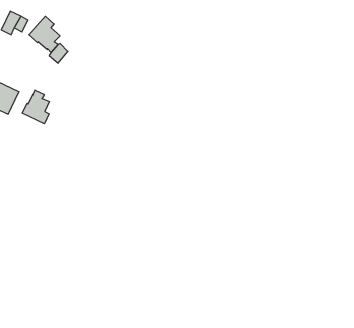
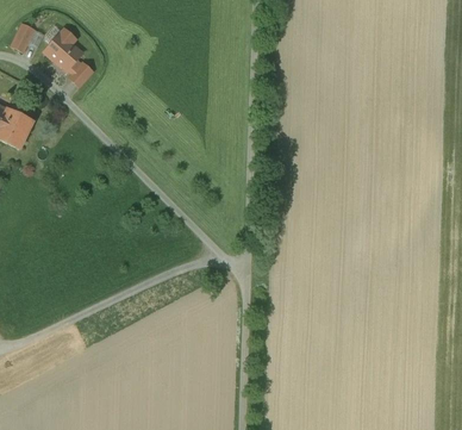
building: [22,90,50,124] -> none

